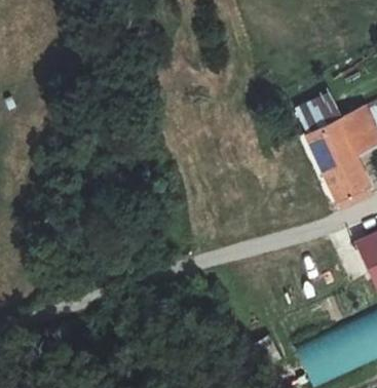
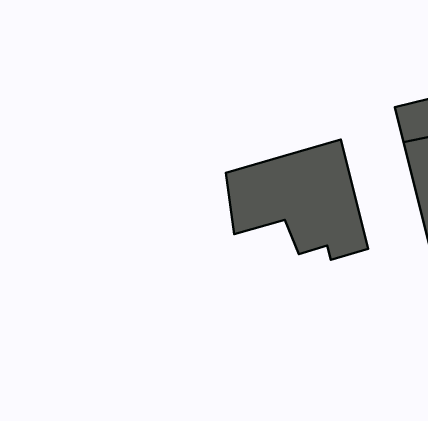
building: none -> [226,139,368,260]

